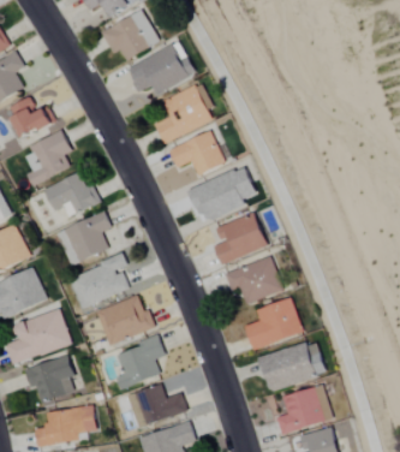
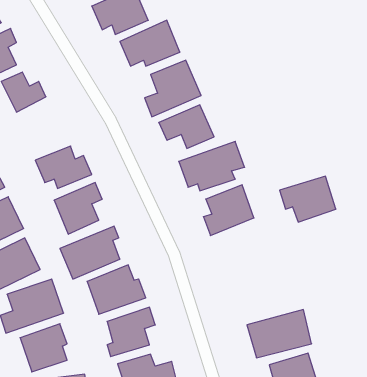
building: [20,132,71,185] -> none
building: [225,257,282,304] -> [280,176,336,222]
building: [244,298,302,350] -> none

